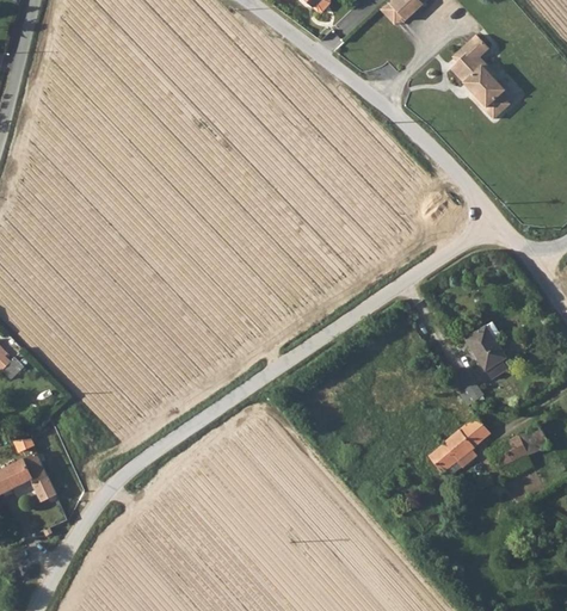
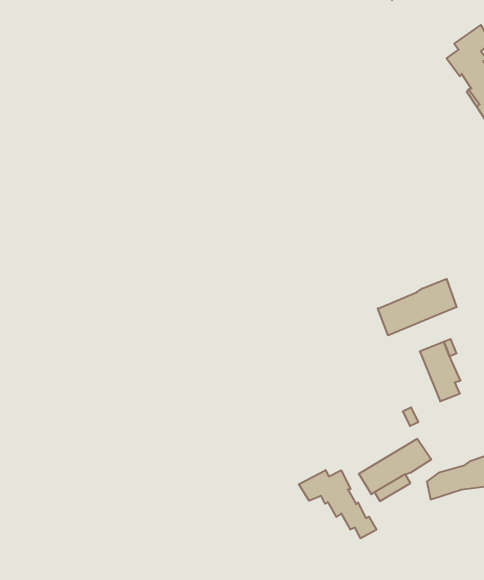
building: none -> [378,279,457,335]
building: none -> [299,470,376,538]

